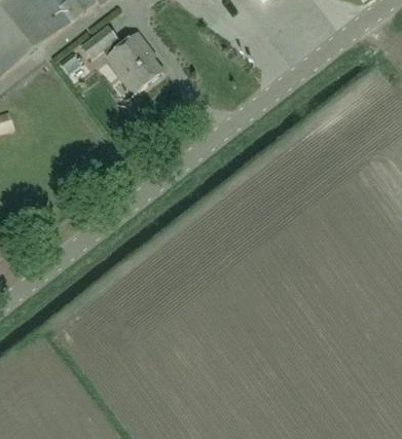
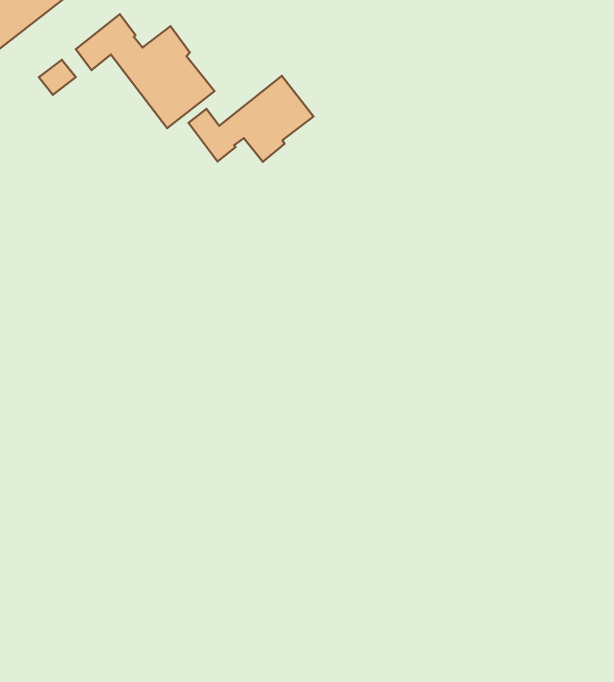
building: none -> [189,76,313,162]

